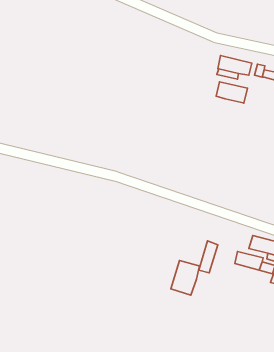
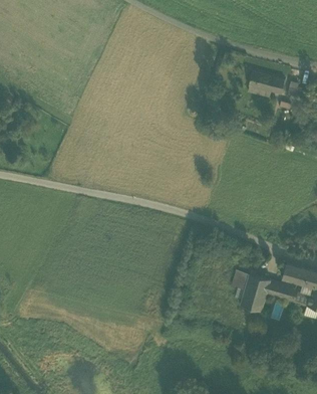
building: [216,82,248,103] -> none
building: [171,260,200,295] -> [241,273,272,311]

